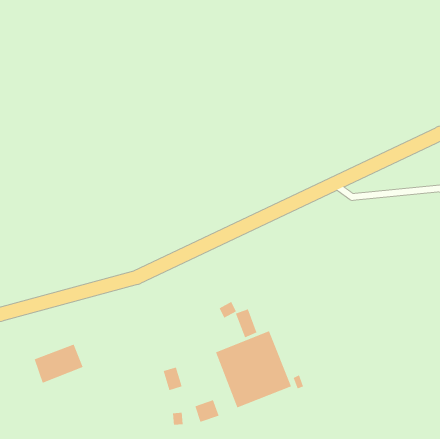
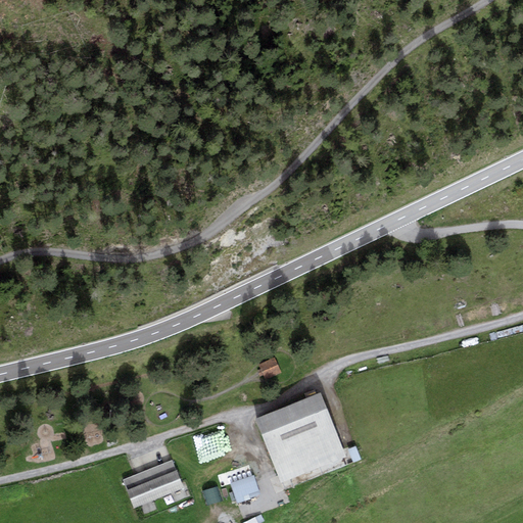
building: [235,308,257,338] -> none
building: [34,344,84,383] -> [124,460,183,507]

